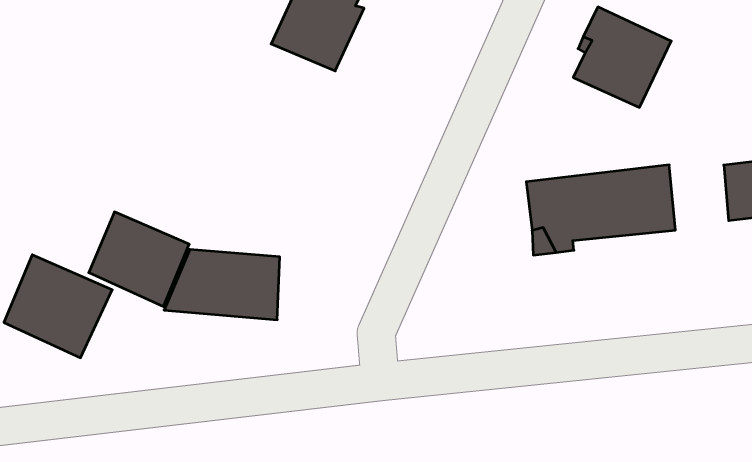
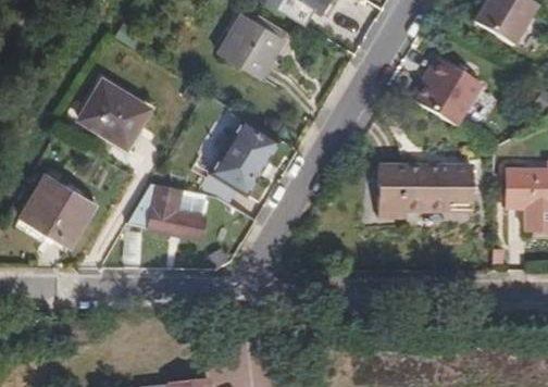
building: none -> [209,115,281,194]
building: [89,212,189,307] -> [79,80,148,147]

